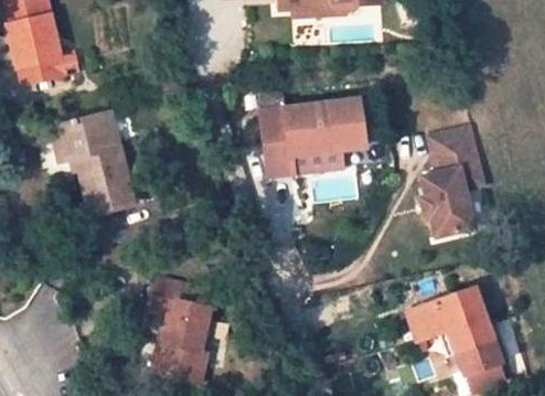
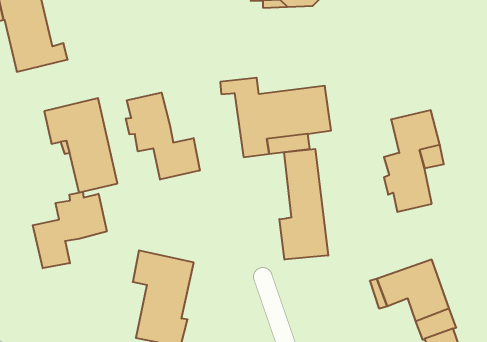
building: none -> [126,93,200,180]
building: none -> [279,149,328,260]
building: none -> [33,192,107,268]

